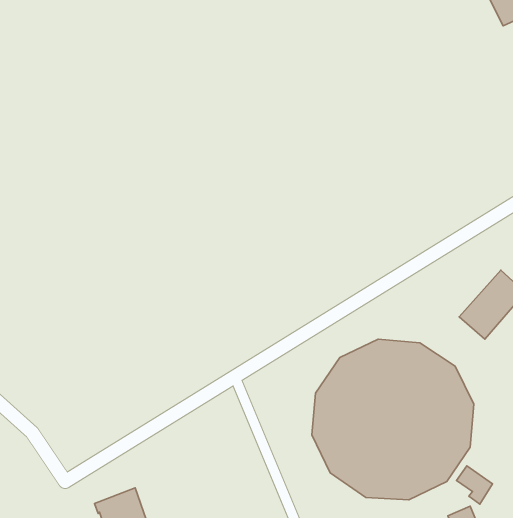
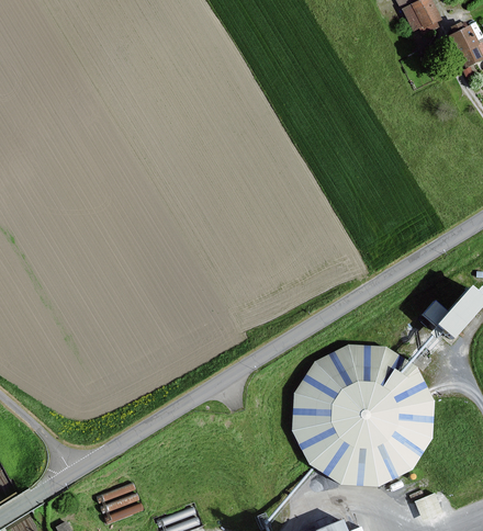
building: [457,466,493,504] -> none

